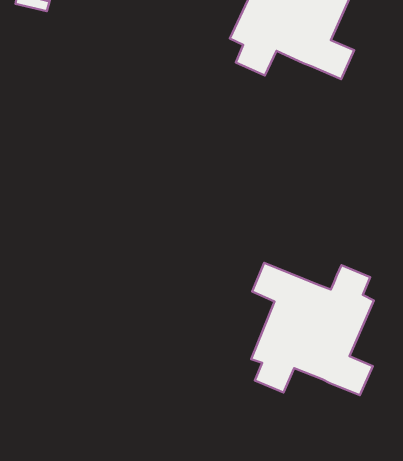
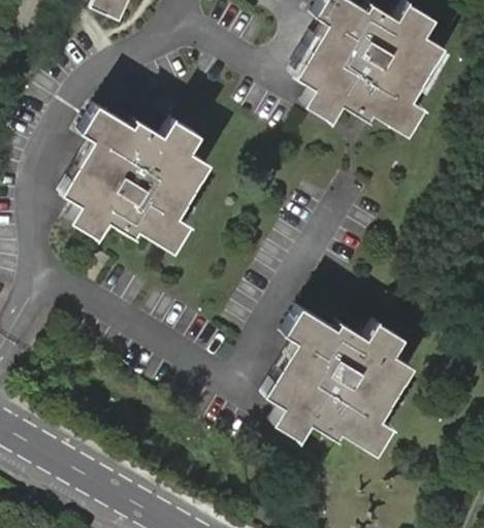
building: none -> [71,106,201,253]

